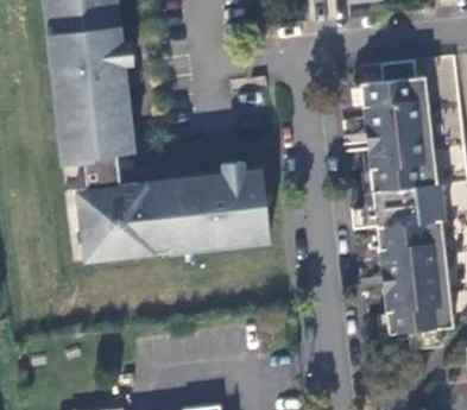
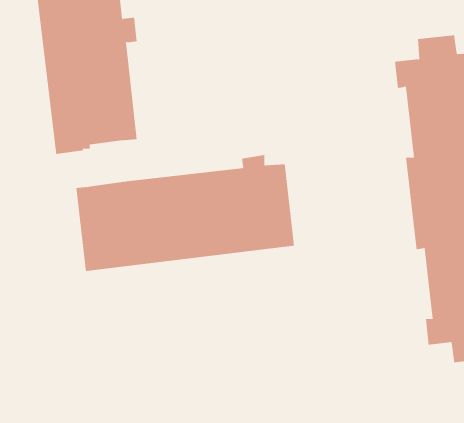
building: [86,152,122,193] -> none

